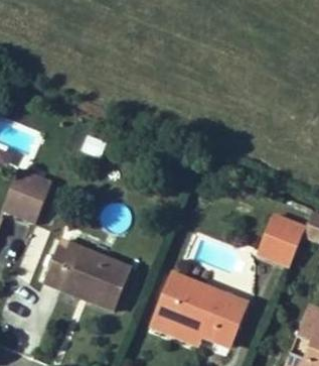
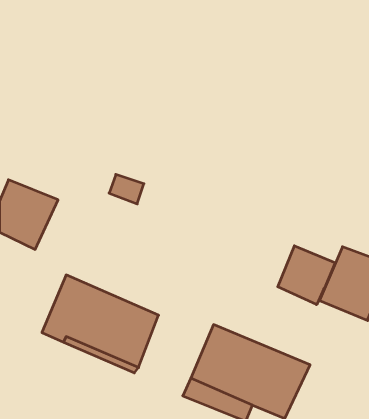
building: none -> [278,246,336,305]

